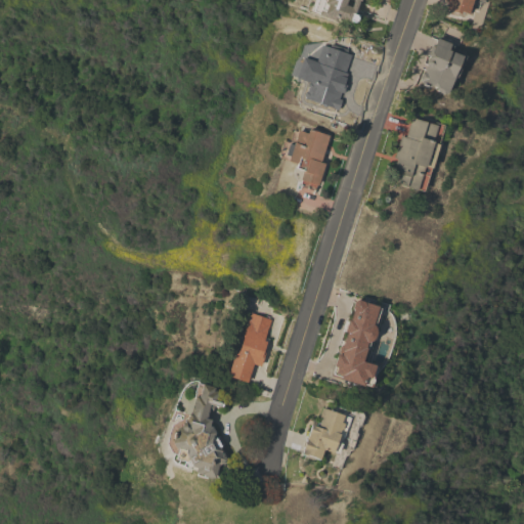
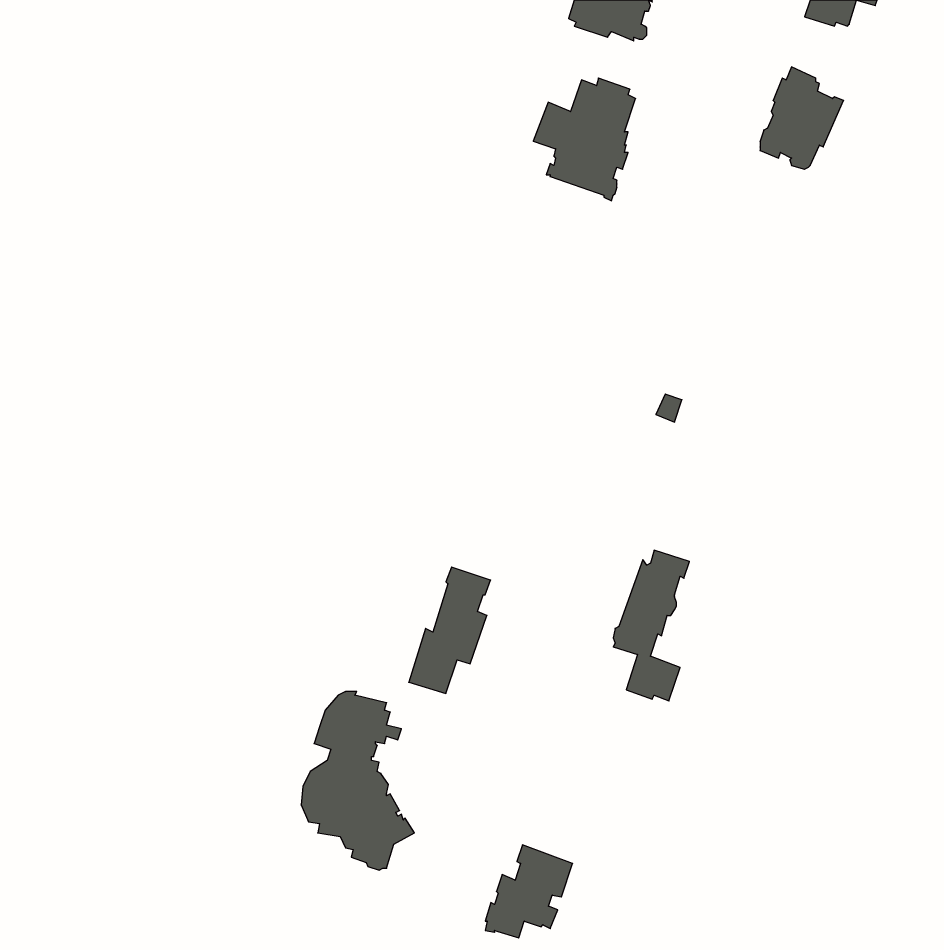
building: [392,117,445,190] -> none
building: [288,129,331,190] -> none
building: [304,407,352,458] -> [485,845,573,938]

